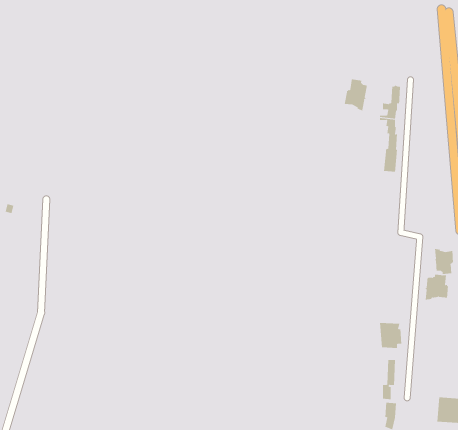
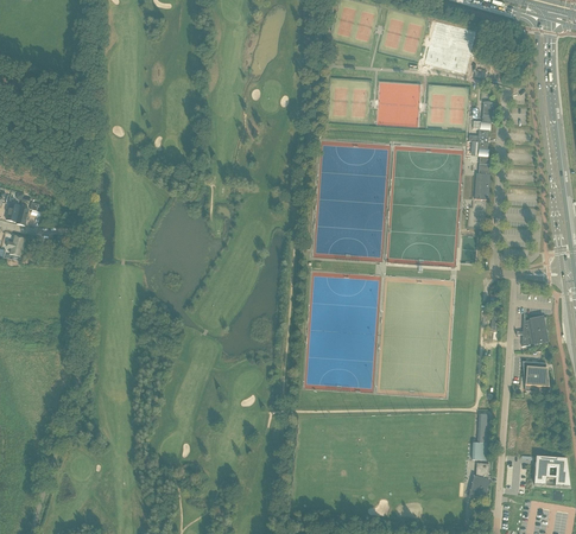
building: [344,79,367,112] -> none
building: [435,248,454,275] -> none
building: [379,322,402,348] -> [521,361,547,390]

